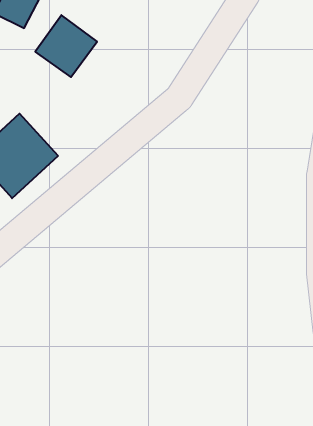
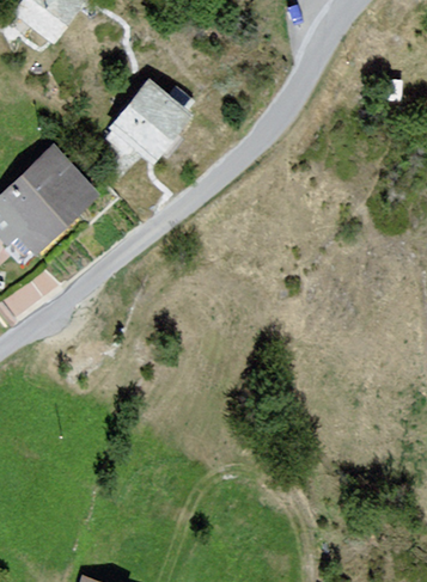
building: [35,15,97,77] -> [114,80,193,159]

